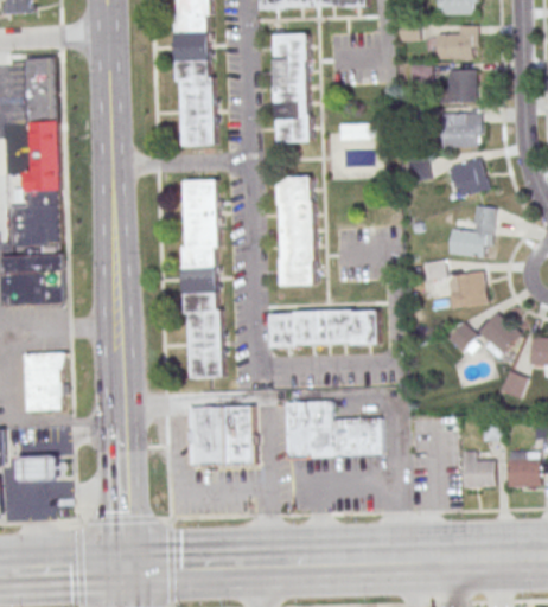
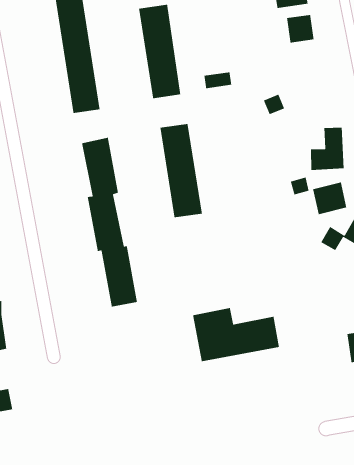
building: [441,113,479,147] -> none
building: [446,156,488,198] -> none
building: [270,309,380,346] -> none
building: [187,404,255,469] -> none

